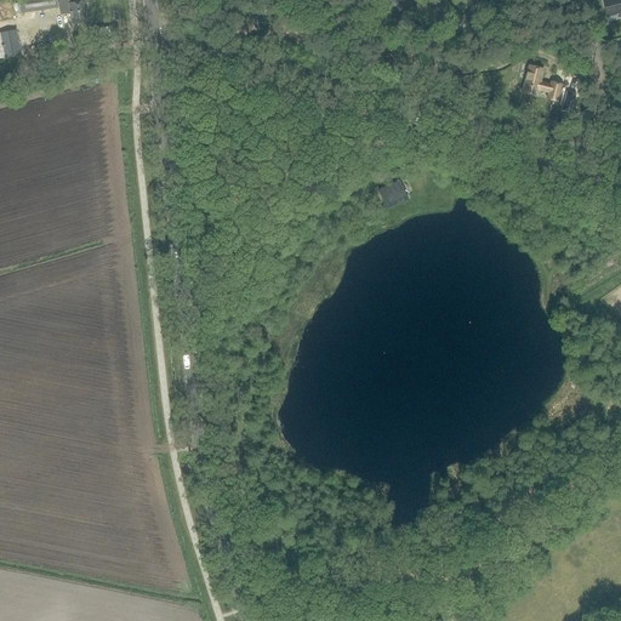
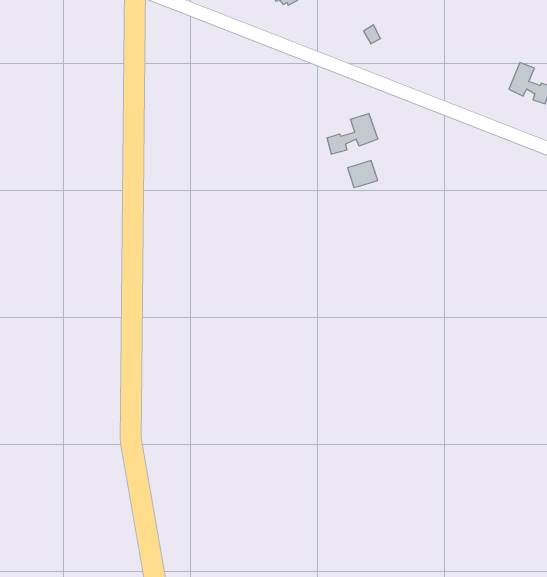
building: none -> [327,113,378,154]

